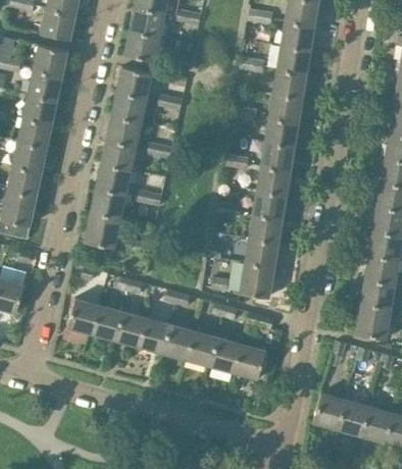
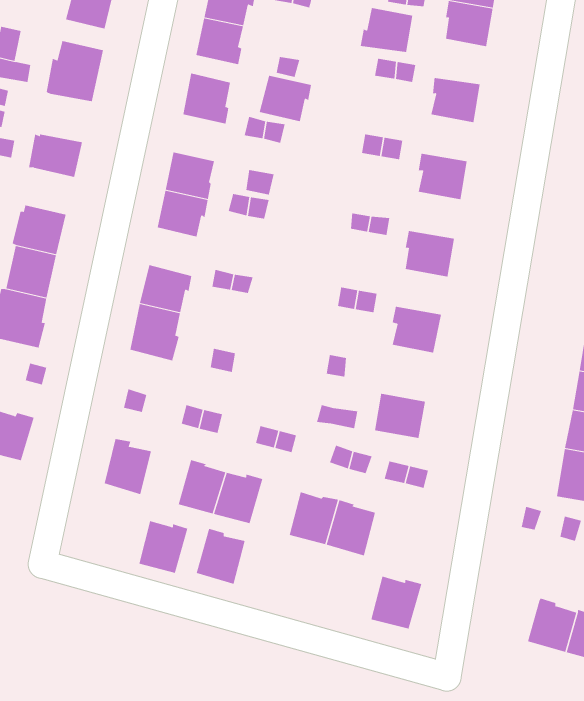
building: [278,45,311,73] -> [360,8,413,53]
building: [28,80,61,110] -> none
building: [112,93,146,122] -> [259,75,312,122]
building: [269,93,303,122] -> none
building: [18,126,50,156] -> none
building: [261,142,295,171] -> none
building: [97,164,128,195] -> none
building: [253,191,287,219] -> none
building: [244,239,278,274] -> none
building: [92,306,123,340] -> [138,520,188,574]
building: [161,323,193,359] -> [196,528,246,584]
building: [234,345,266,378] -> [371,576,422,629]
building: [314,393,344,426] -> none

